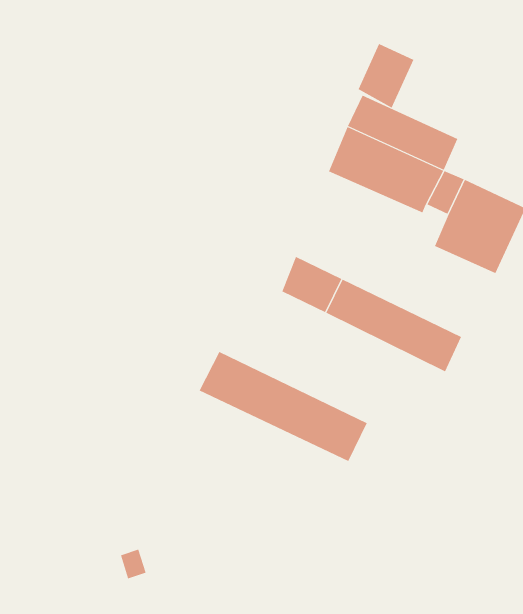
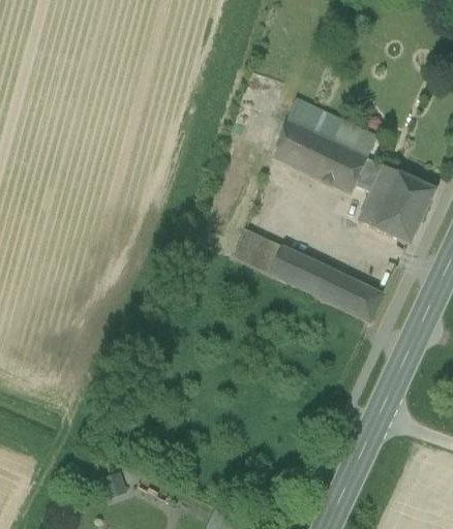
building: [358,43,414,108] -> none
building: [199,351,368,462] -> none

